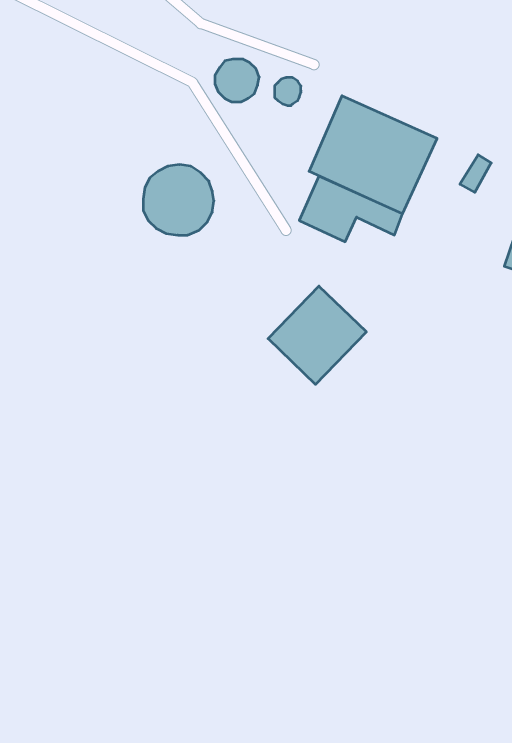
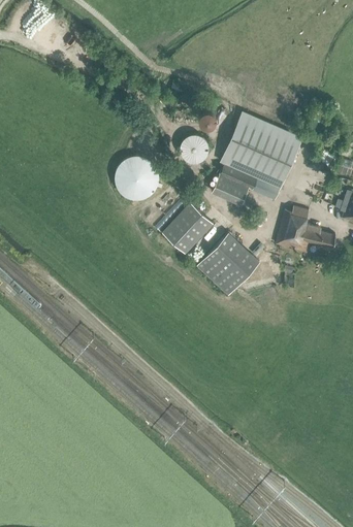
building: [215,59,259,102] -> [182,135,210,162]
building: none -> [161,200,212,252]
building: none -> [278,205,336,254]

